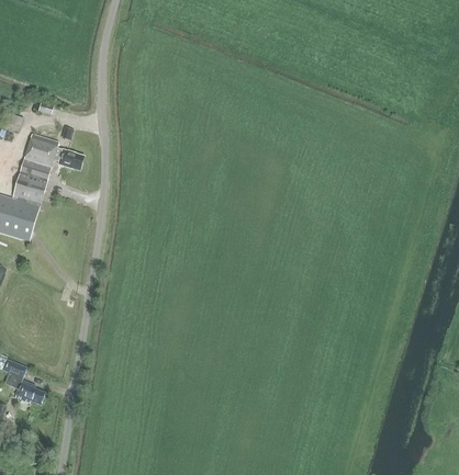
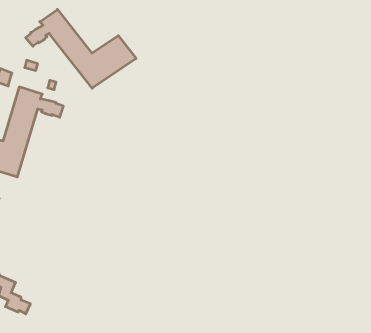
building: none -> [26,9,136,88]

